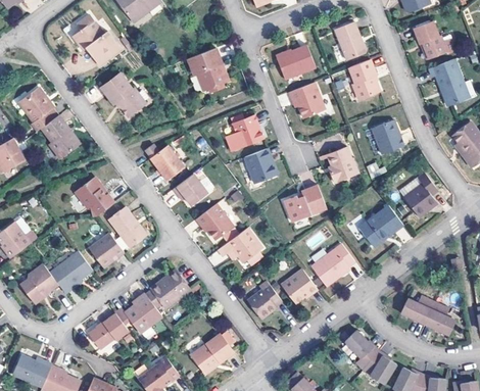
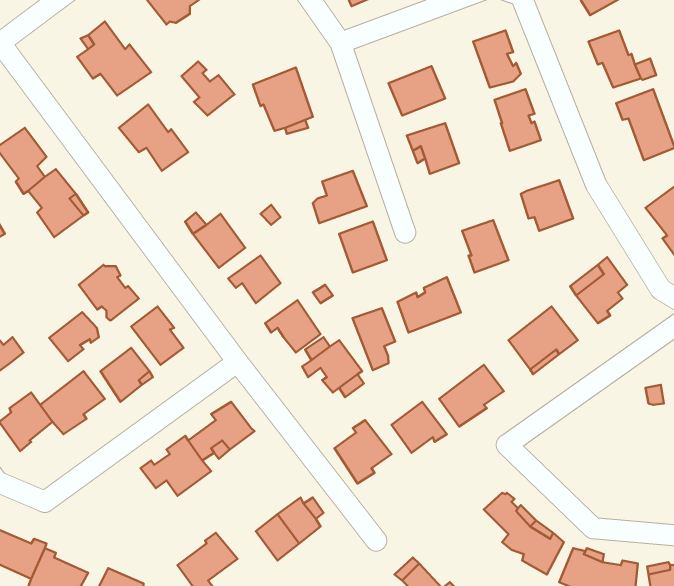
building: none -> [181,61,234,115]
building: none -> [353,308,395,370]
building: none -> [49,312,99,361]
building: [404,297,457,335] -> none
building: [88,312,127,346] -> none

